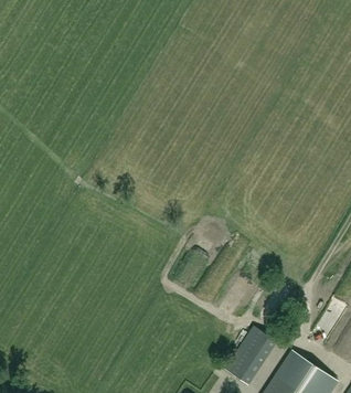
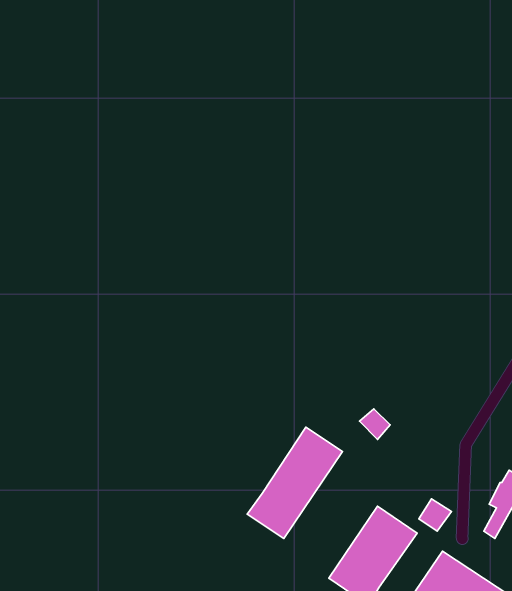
building: none -> [247,427,343,538]

